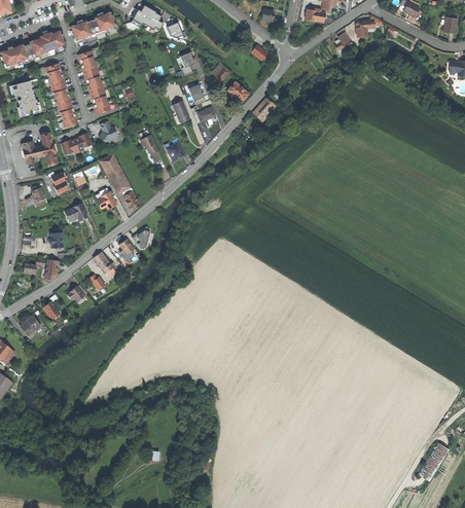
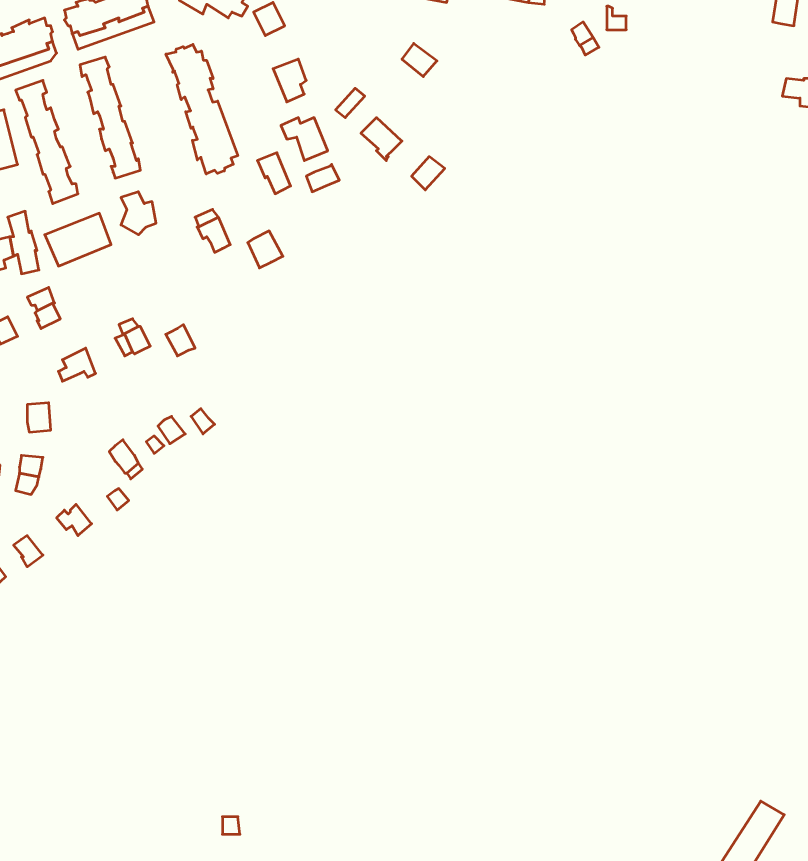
building: none -> [166,44,238,174]
building: [103,154,131,194] -> none

